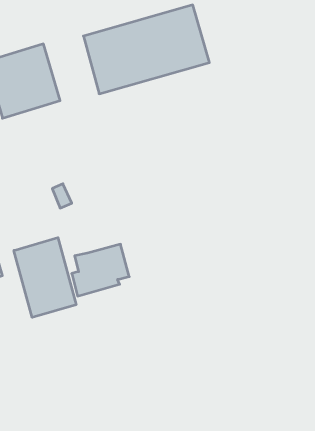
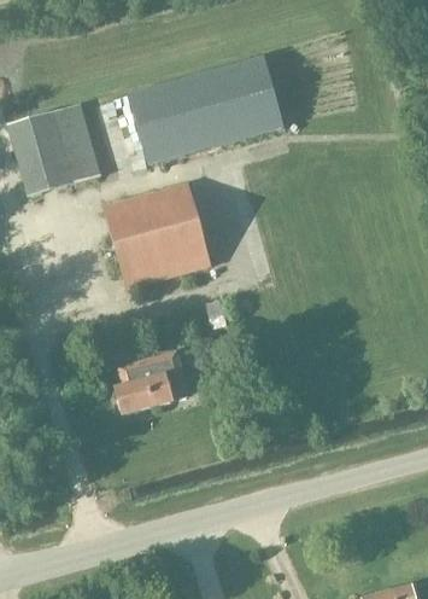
building: none -> [104,182,210,287]
building: [14,238,76,317] -> none

